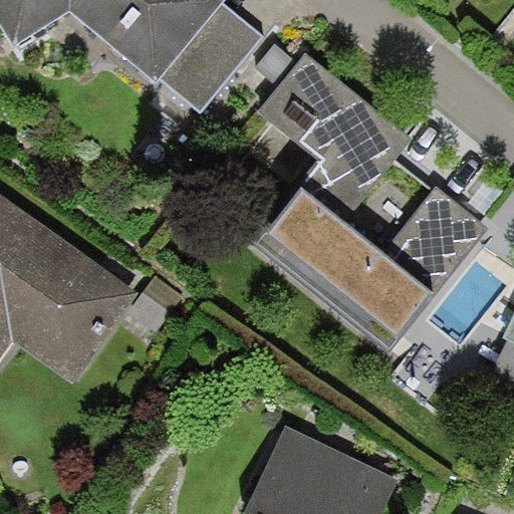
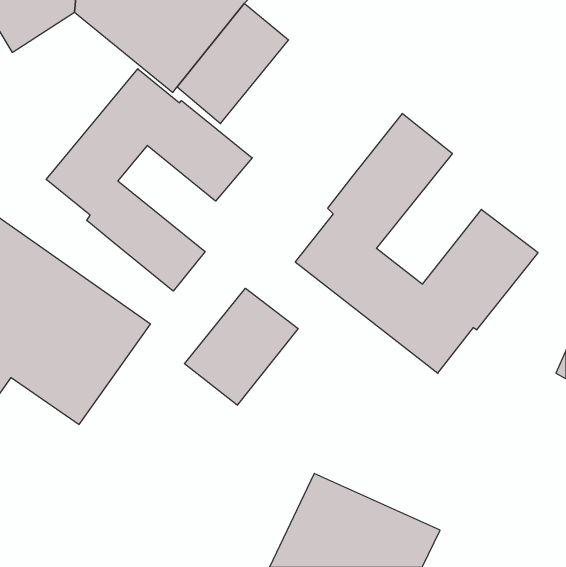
building: [257,55,362,161] -> none
building: none -> [46,69,252,291]
building: none -> [184,288,298,405]

